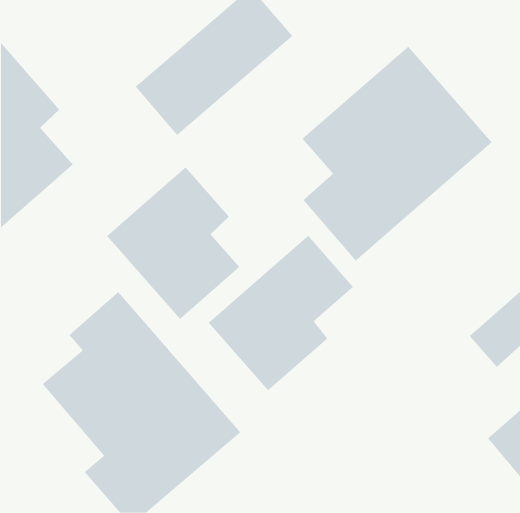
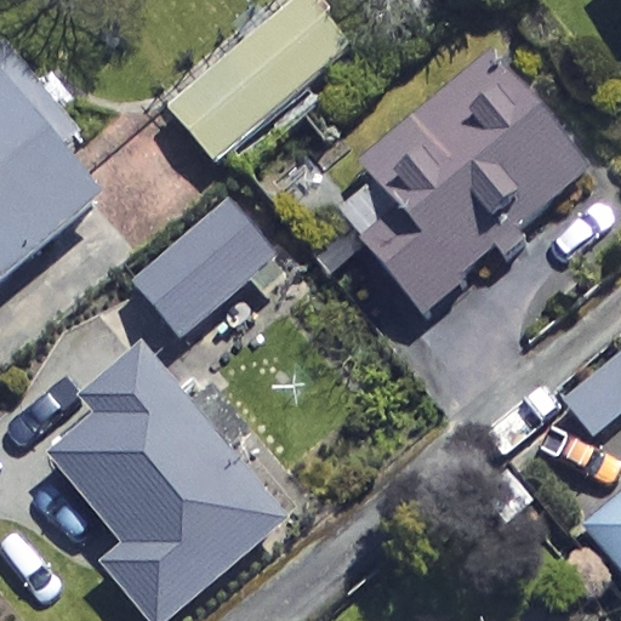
building: [208,235,354,391] -> none

